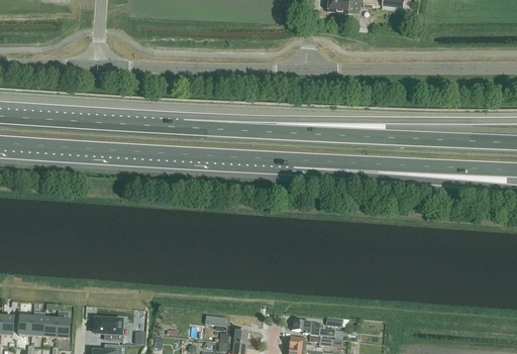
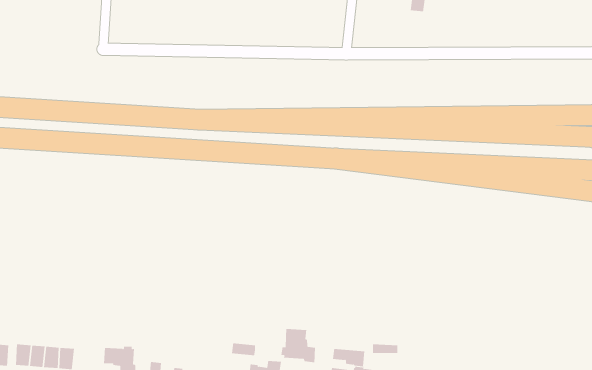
building: none -> [281,328,315,363]

